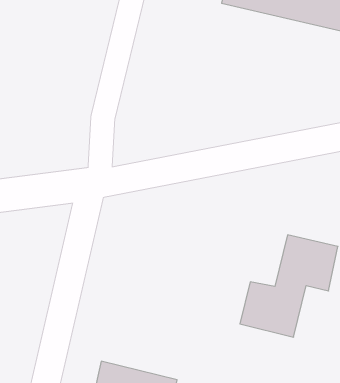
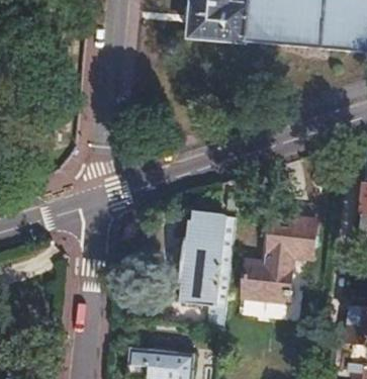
building: none -> [180,211,224,306]

